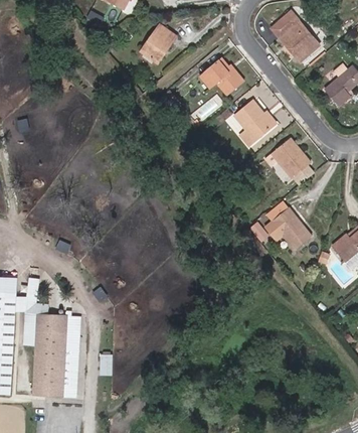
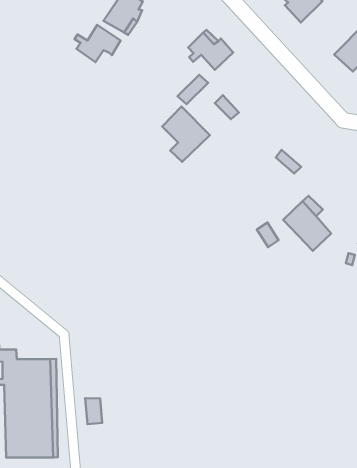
building: none -> [75,25,121,62]
building: [235,100,274,145] -> [162,107,210,162]
building: [273,139,311,177] -> none

